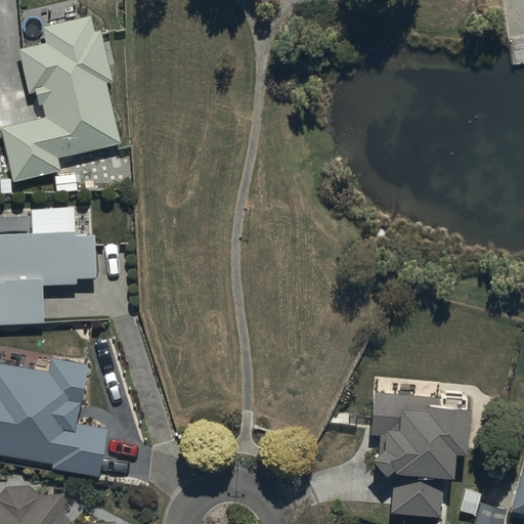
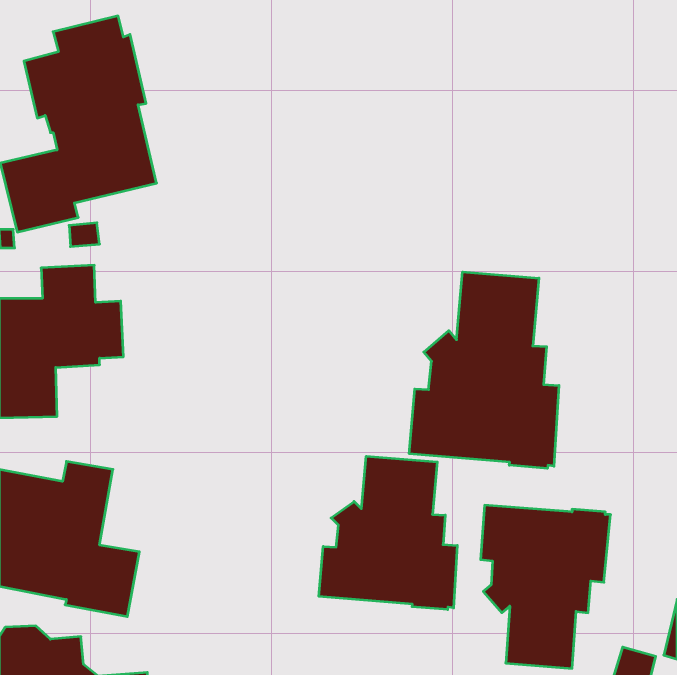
building: none -> [409,272,559,468]
building: none -> [319,456,457,610]

